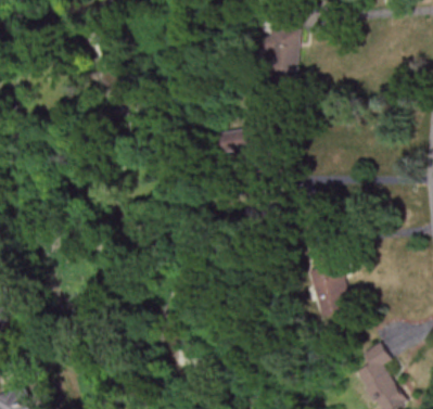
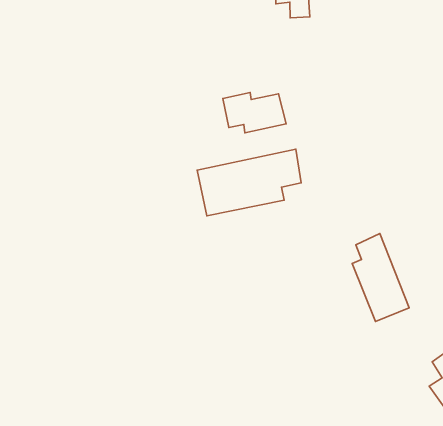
building: none -> [197,149,301,216]

